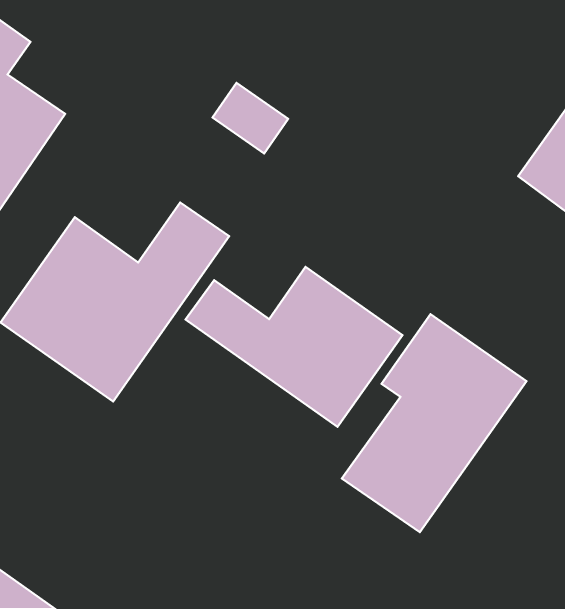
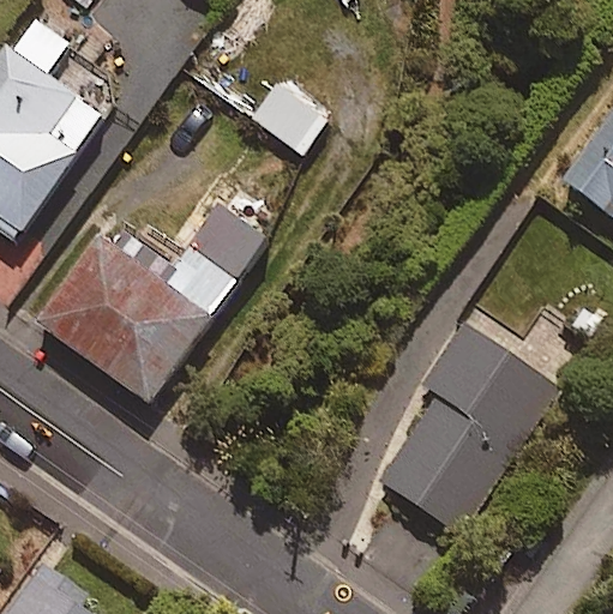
building: [186,267,402,427] -> none

